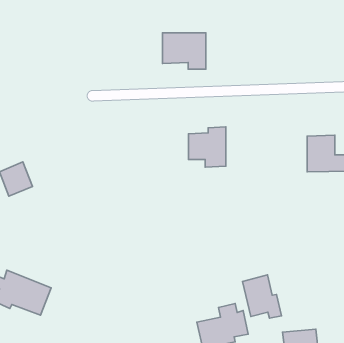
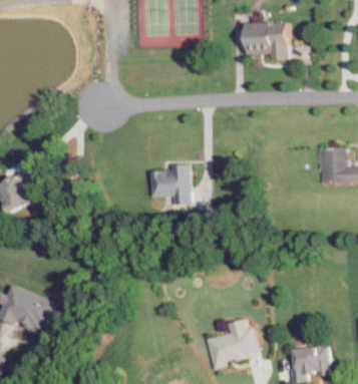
building: [163,33,206,69] -> [246,24,290,61]
building: [188,127,226,167] -> [151,165,190,207]
building: [243,275,281,318] -> none

